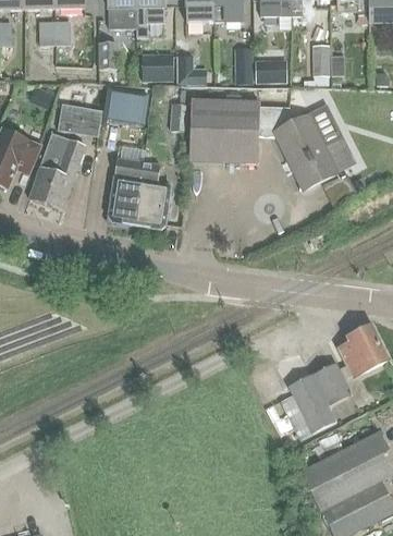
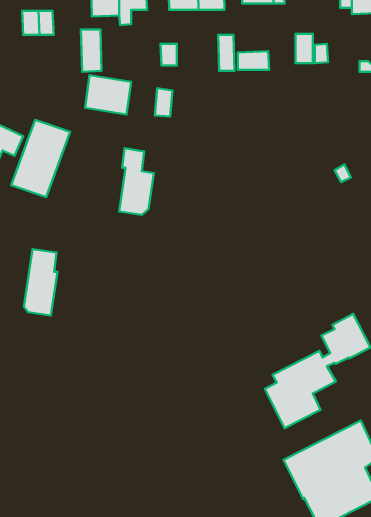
building: [142,52,174,81] -> none
building: [191,98,356,186] -> none
building: [59,101,102,134] -> none
building: [109,156,143,222] -> [24,249,58,316]

